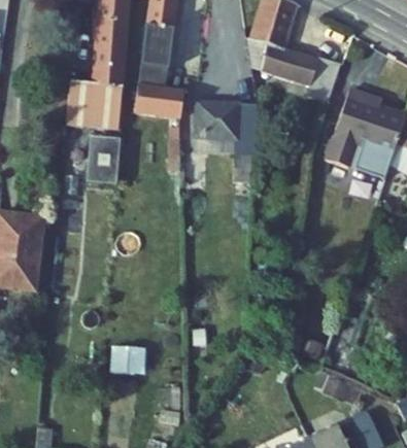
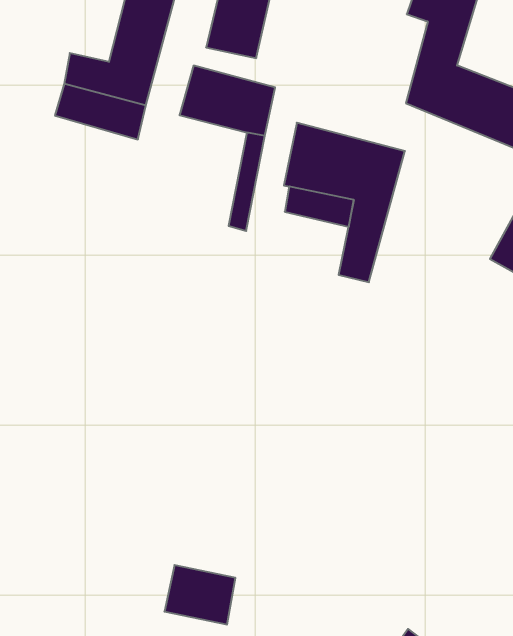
building: [86,135,118,179] -> none
building: [108,342,144,370] -> [164,565,235,625]

